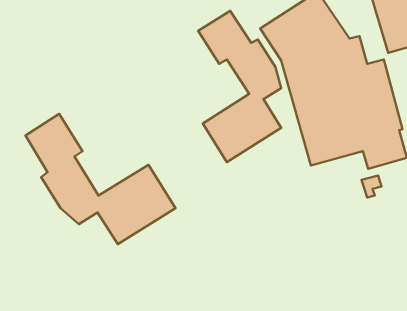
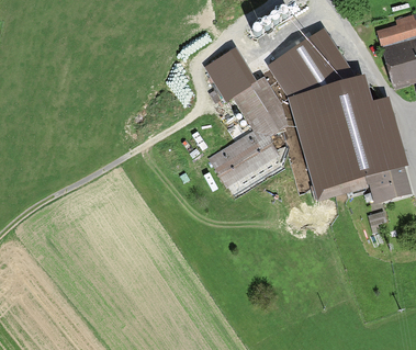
building: [25,114,176,244] -> none

